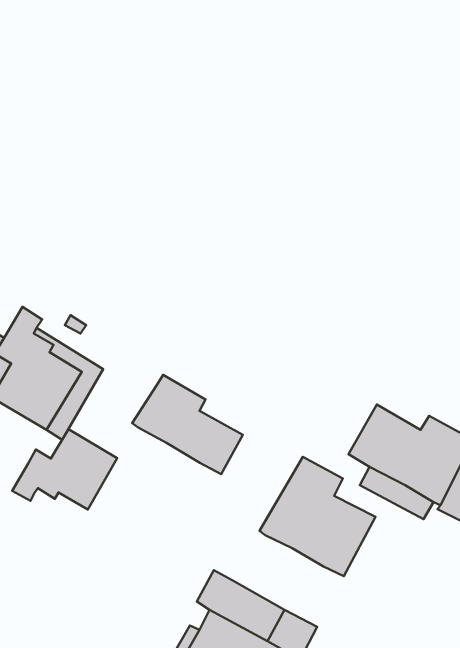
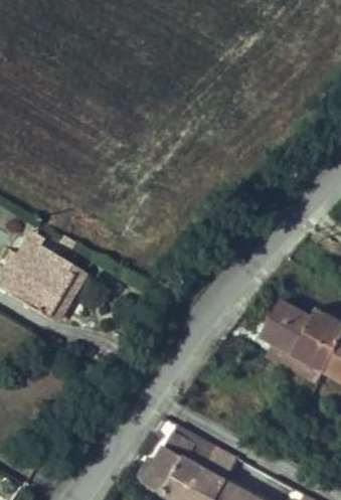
building: [132,375,243,474] -> none
building: [12,429,117,510] -> none
building: [260,457,375,576] -> none

